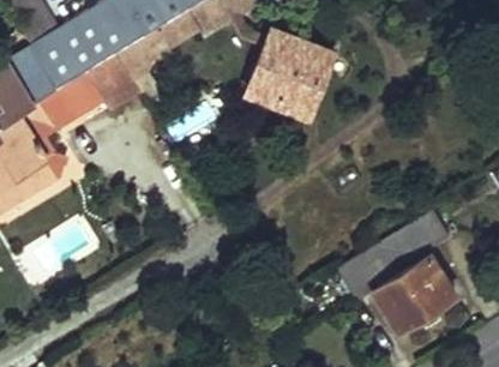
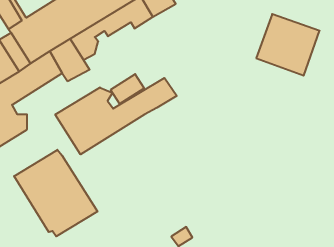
building: [245,34,331,118] -> [256,14,320,76]
building: none -> [55,78,177,154]
building: none -> [14,150,97,236]
building: [336,209,453,327] -> none

